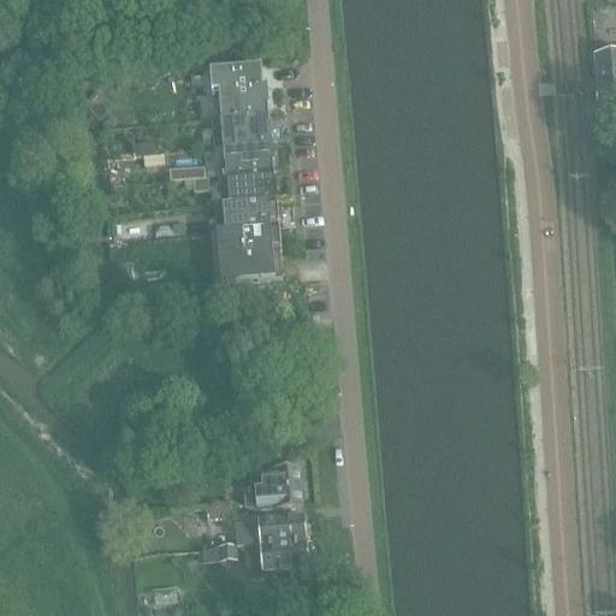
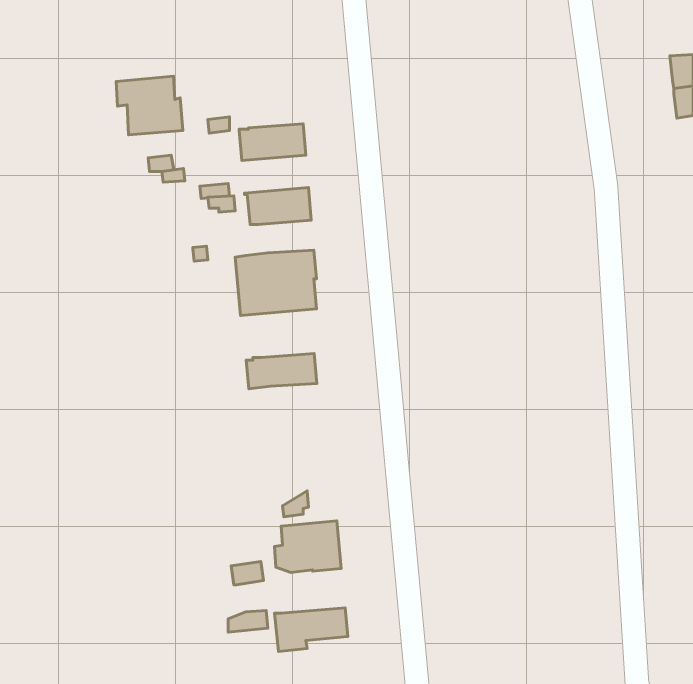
building: [209,61,268,113] -> [116,76,183,135]
building: [214,137,273,171] -> none
building: [215,195,278,226] -> [246,353,317,389]
building: [247,511,306,543] -> none

